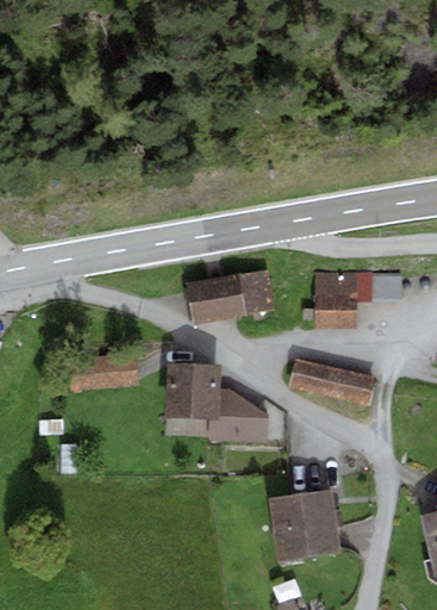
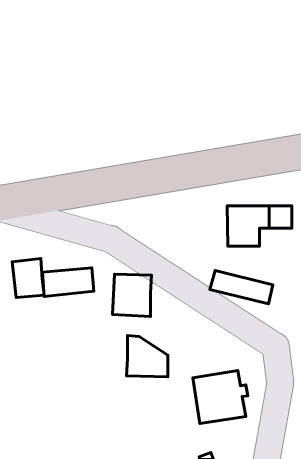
building: [186,270,273,323] -> none
building: none -> [12,258,44,298]
building: [212,388,267,443] -> [127,335,168,377]

